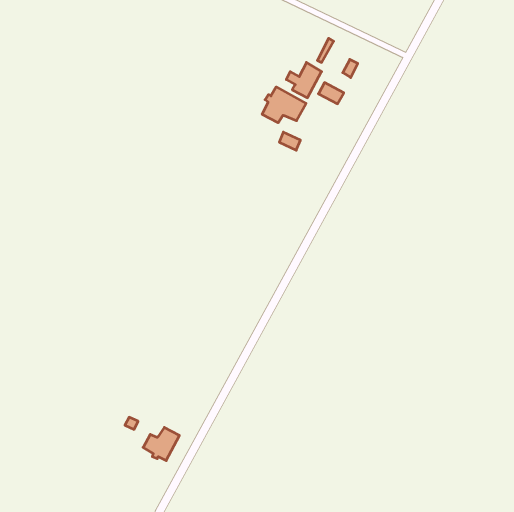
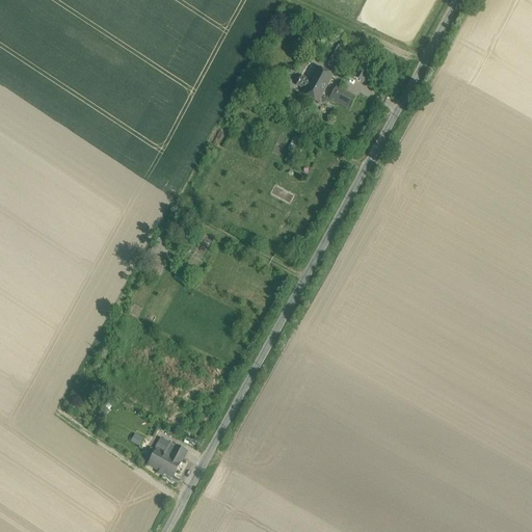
building: [262,87,306,123] -> none

